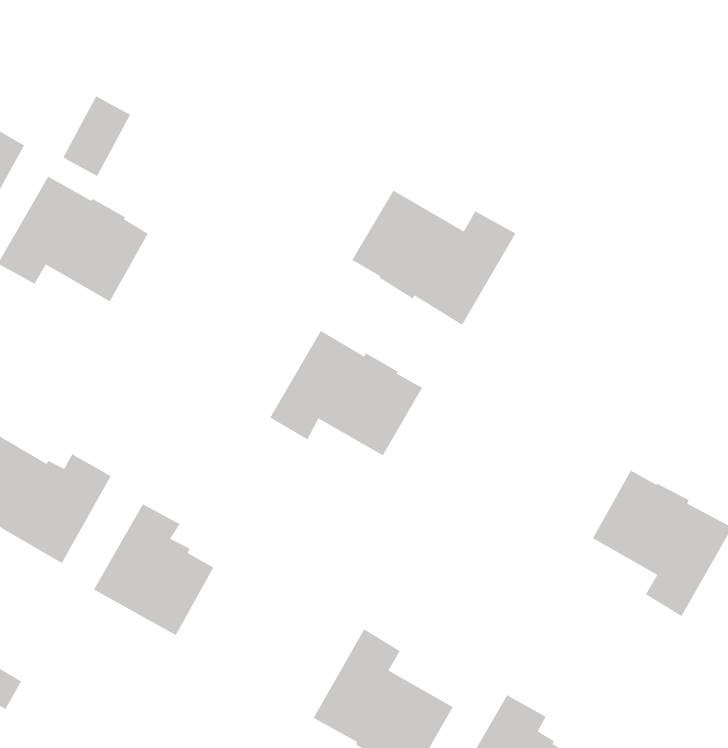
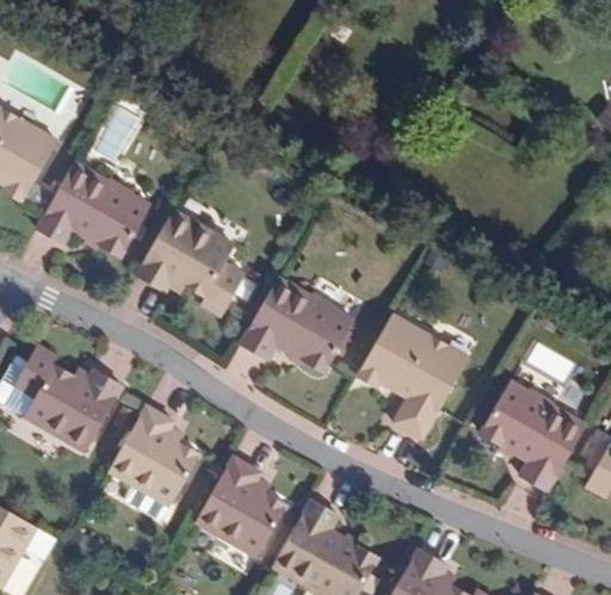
building: [351,190,517,326] -> none
building: none -> [136,211,246,309]
building: none -> [357,314,468,439]
building: none -> [196,457,286,557]

